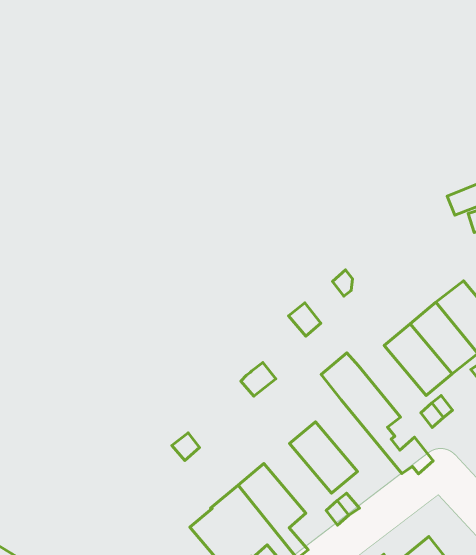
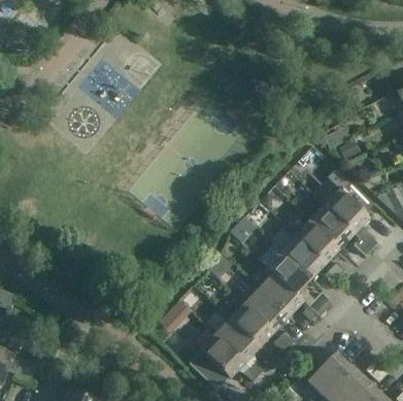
building: none -> [280,234,325,277]
building: none -> [258,271,315,319]
building: none -> [229,302,273,344]

